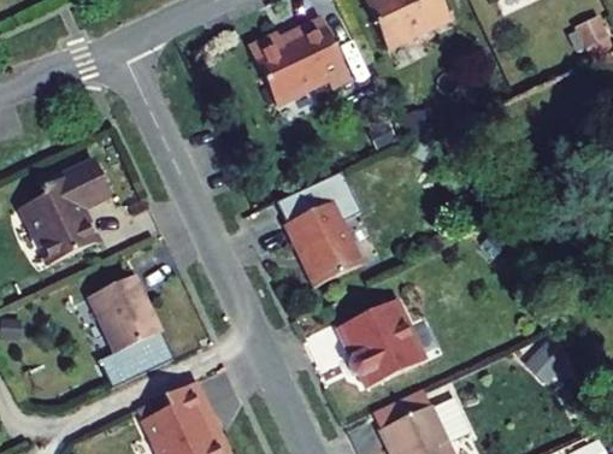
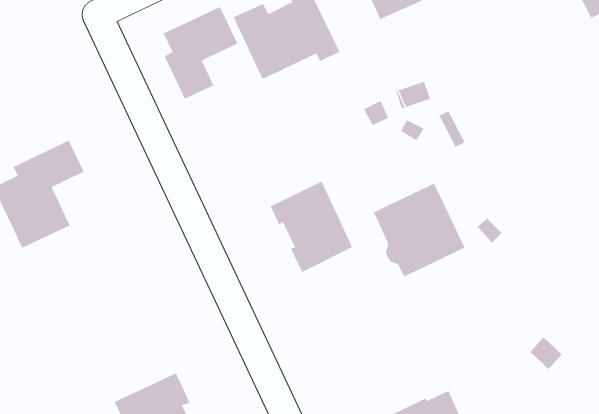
building: none -> [163,6,238,100]
building: [88,273,173,385] -> none
building: [337,297,424,387] -> [373,183,465,277]

